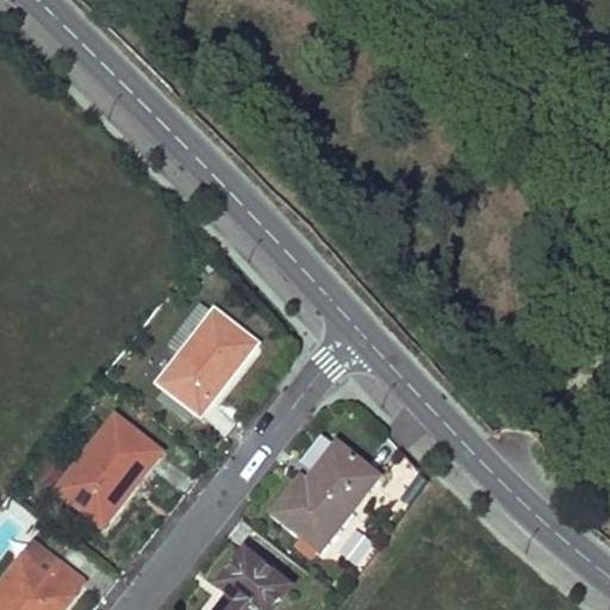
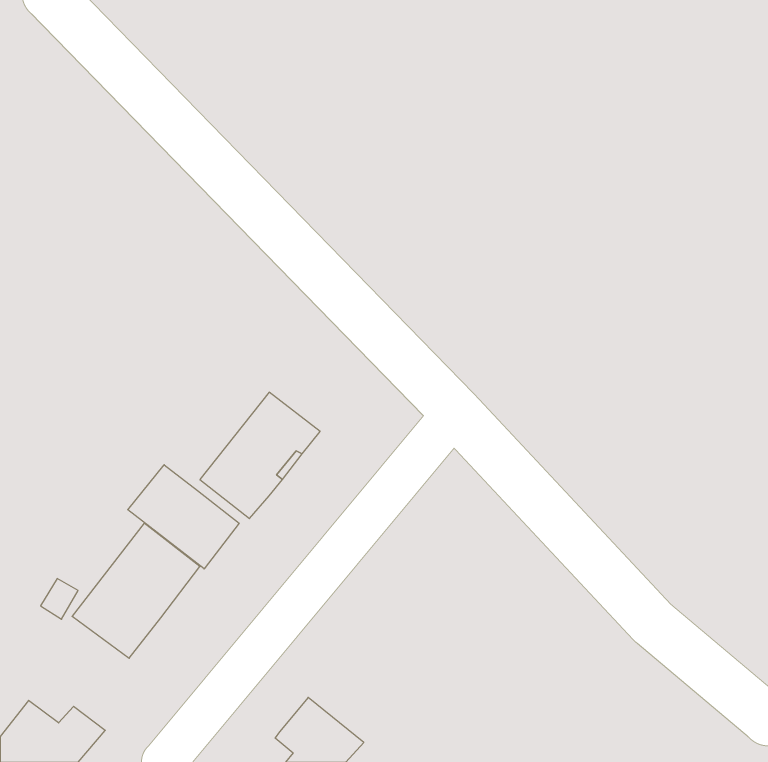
building: none -> [128,465,239,569]
building: [273,447,376,549] -> none

